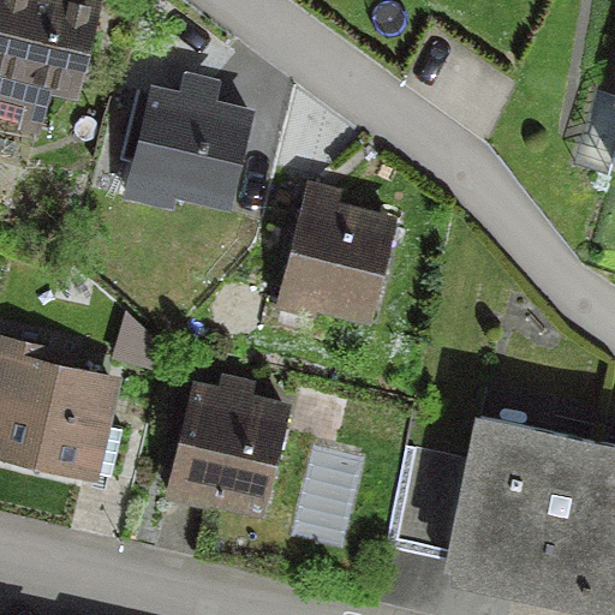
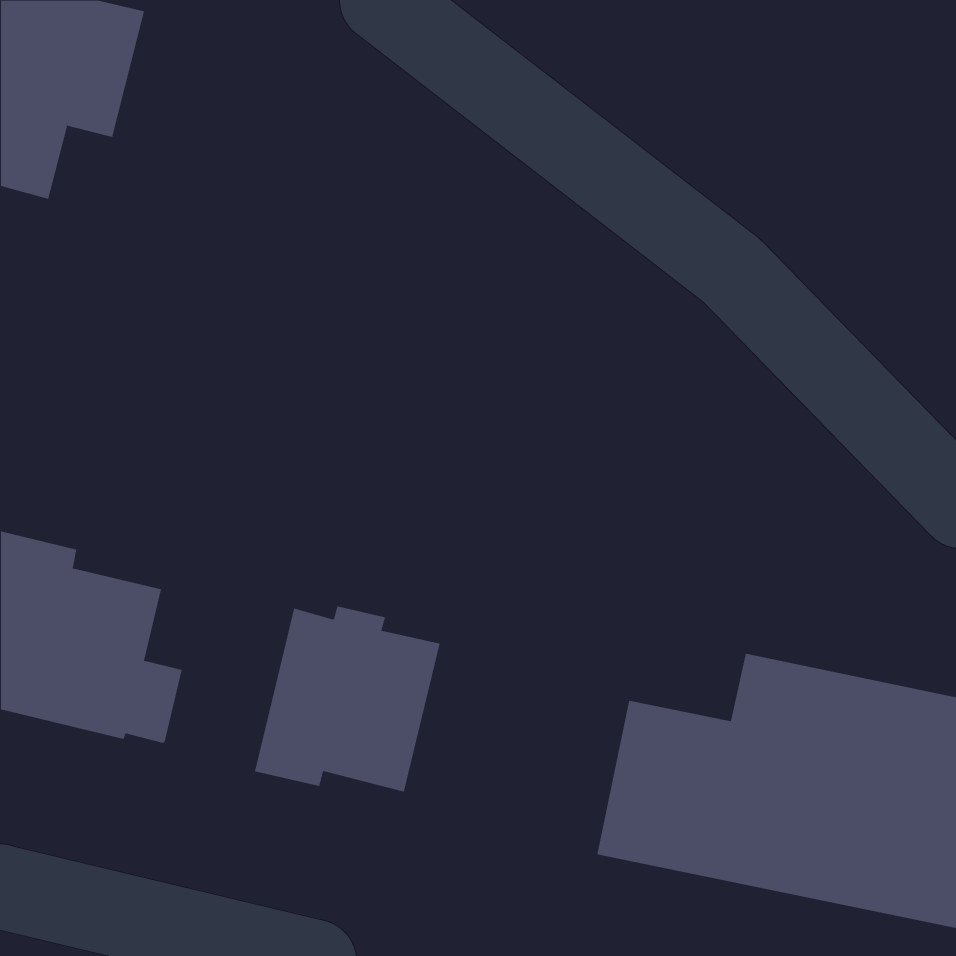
building: [127,94,246,202] -> none
building: [277,199,392,317] -> none

